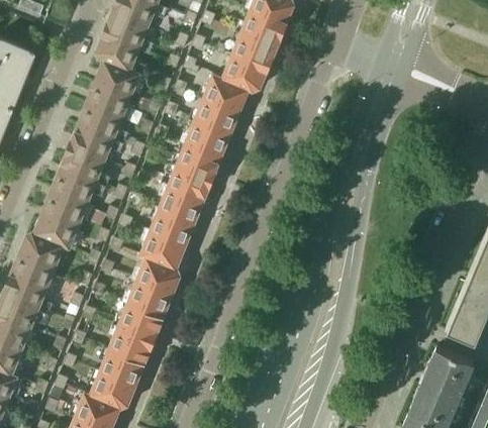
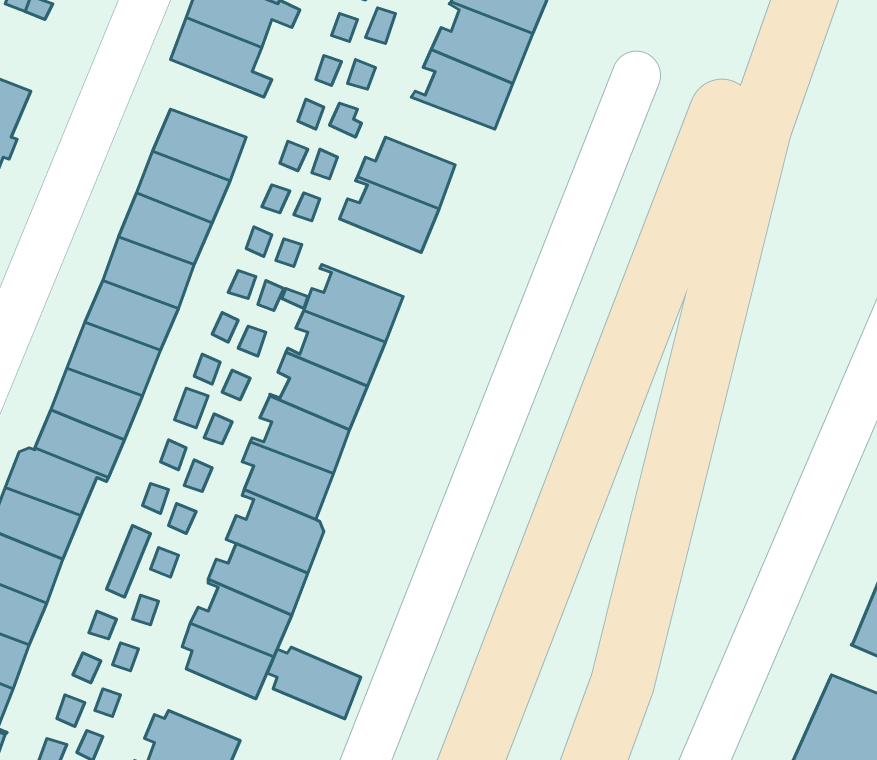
building: [96,34,142,74] -> none
building: [212,54,268,90] -> none
building: [180,115,230,154] -> none
building: [99,343,147,380] -> [267,647,361,719]

